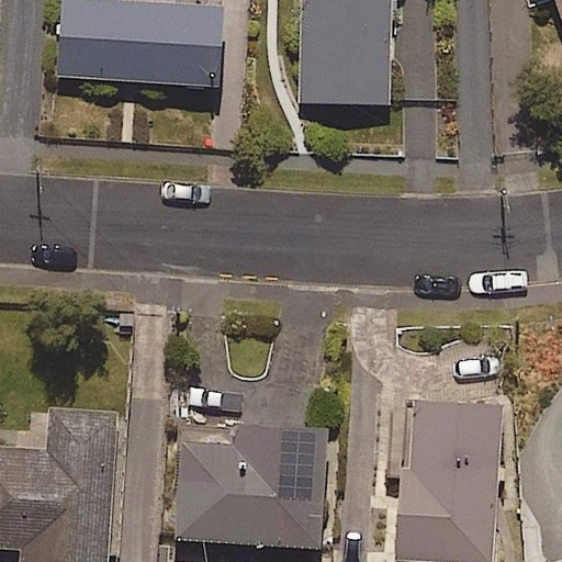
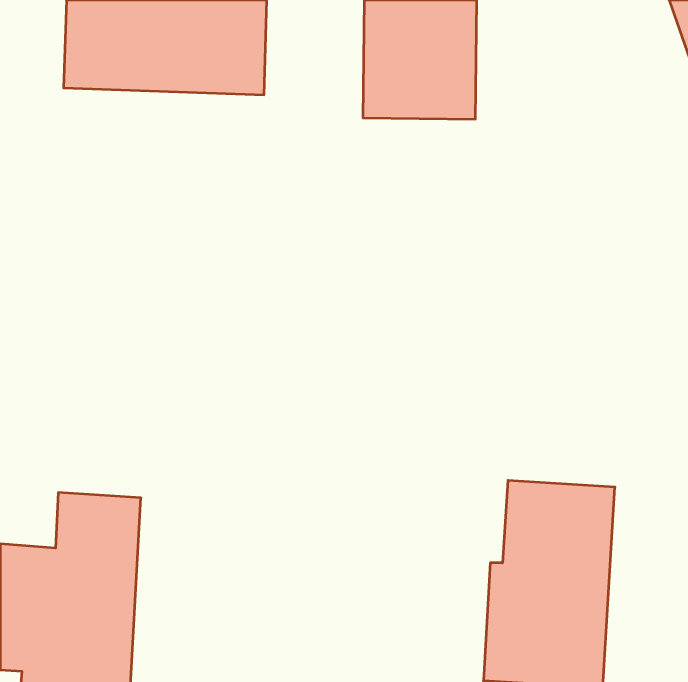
building: [176,418,329,548] -> none

